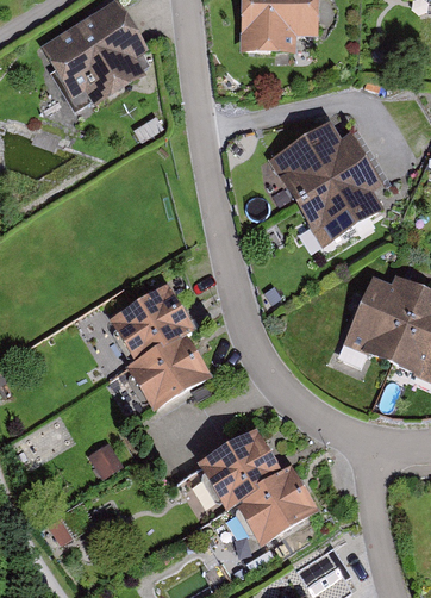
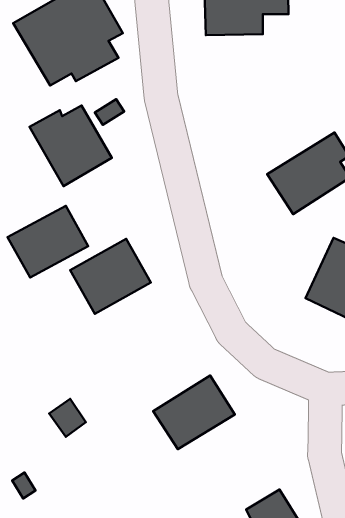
building: [276,120,375,206] -> none
building: none -> [30,105,112,186]
building: [120,325,206,401] -> [8,206,88,277]
building: [215,462,302,543] -> none

